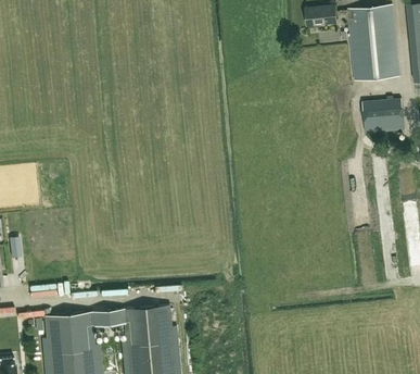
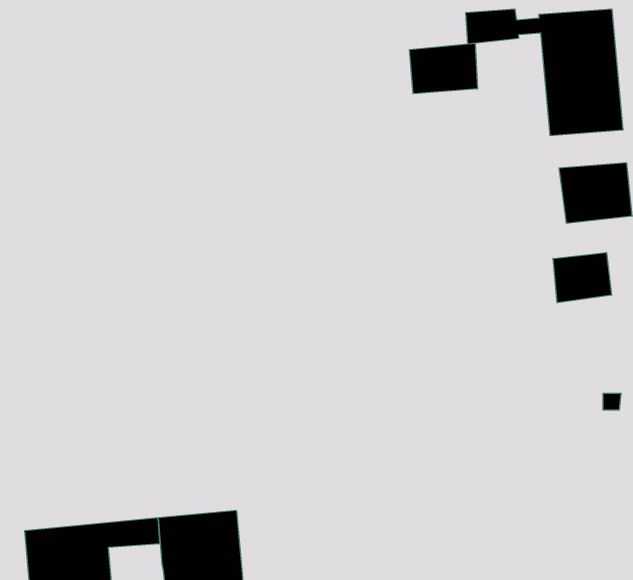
building: none -> [409,43,477,94]
building: none -> [553,252,612,303]

